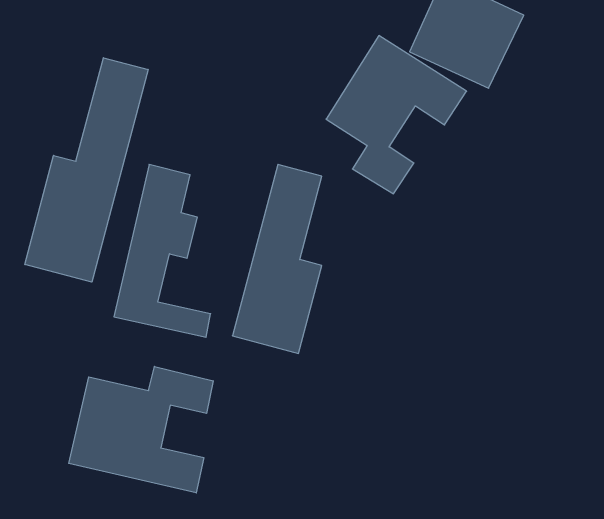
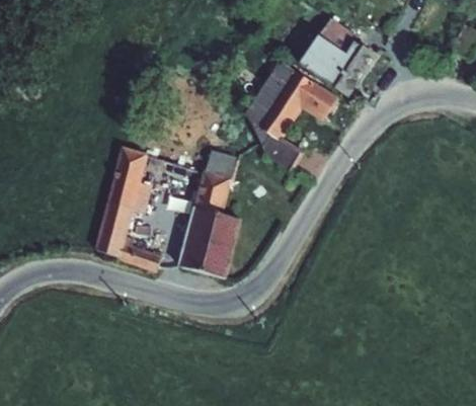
building: [25,58,148,282] -> none
building: [69,366,213,493] -> none

